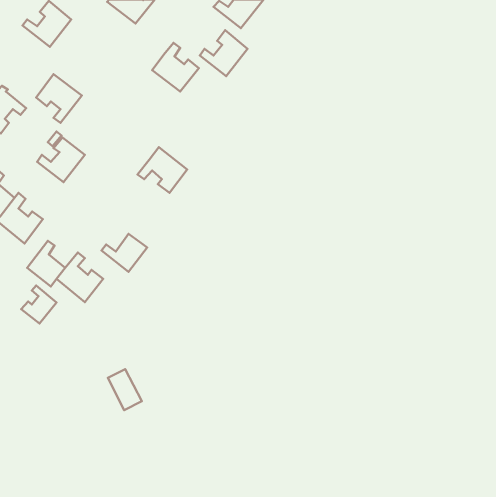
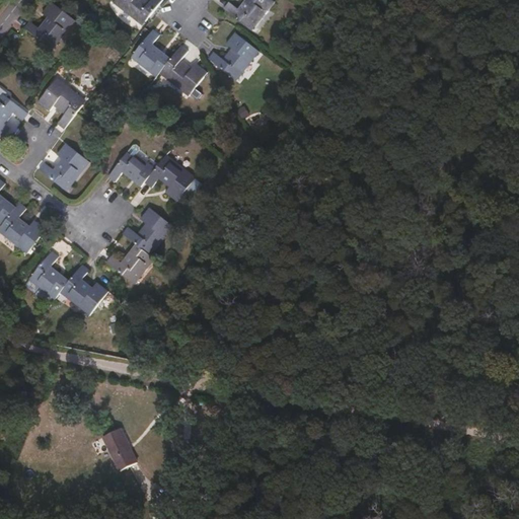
building: none -> [131,28,170,76]
building: none -> [107,145,155,186]
building: none -> [122,207,172,254]
building: [21,286,57,323] -> none
building: [108,369,142,410] -> [104,428,140,470]

